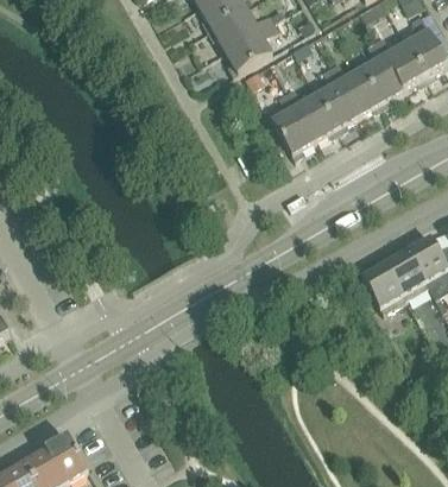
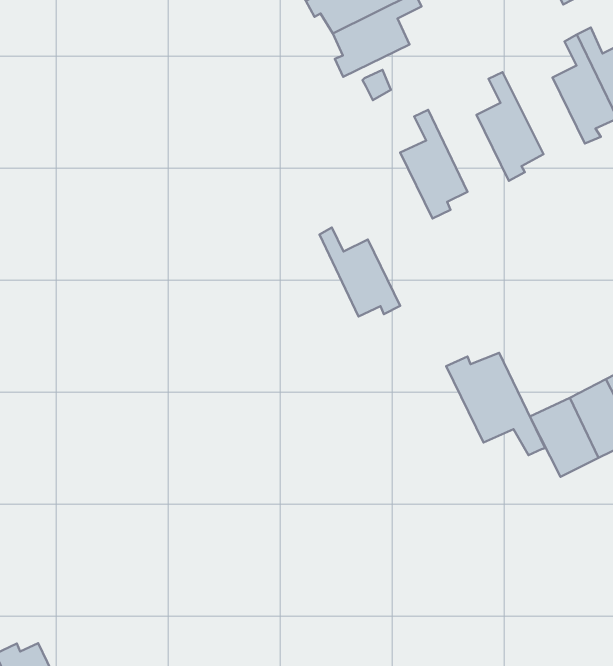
building: [330,62,384,115] -> none
building: [286,88,339,141] -> [320,228,400,316]
building: none -> [446,353,545,455]

